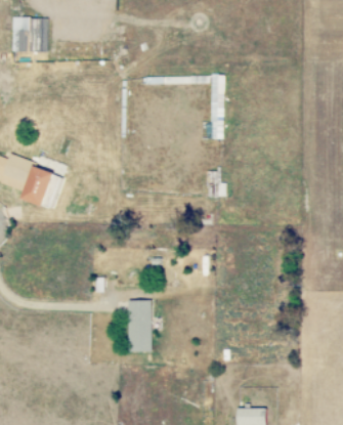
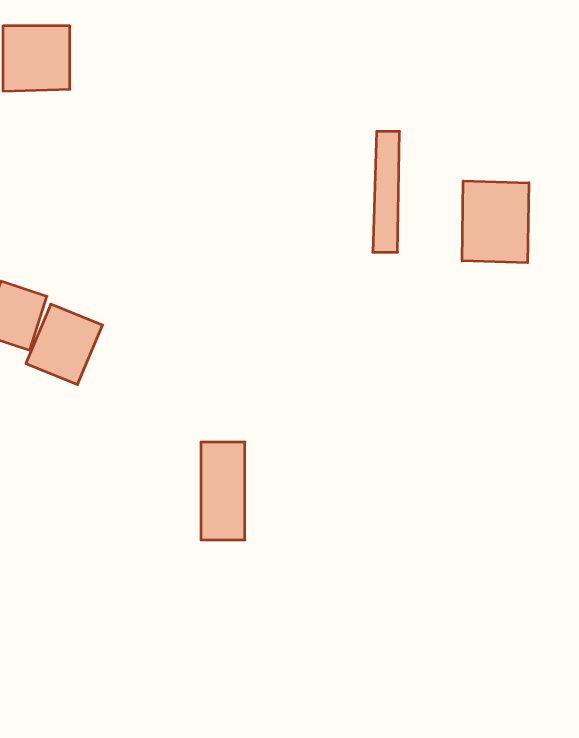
building: none -> [462,181,529,263]
building: [127,300,151,352] -> [201,442,245,540]

